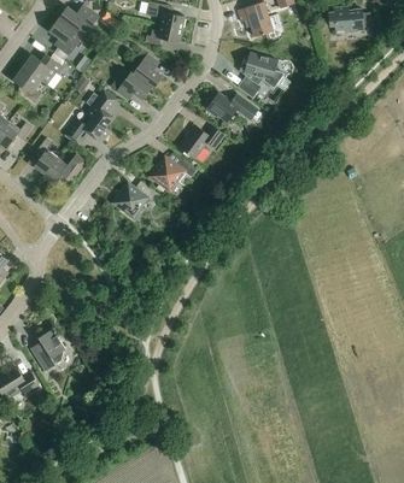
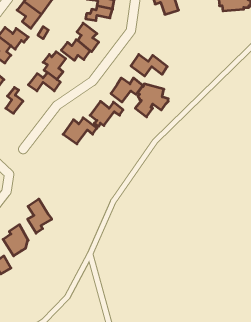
building: [236,52,282,98] -> [135,84,168,117]
building: [42,154,84,184] -> none
building: none -> [28,199,52,233]

